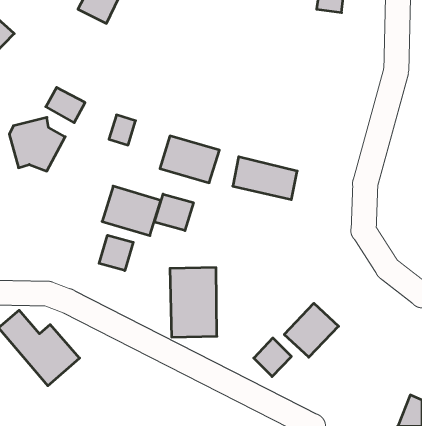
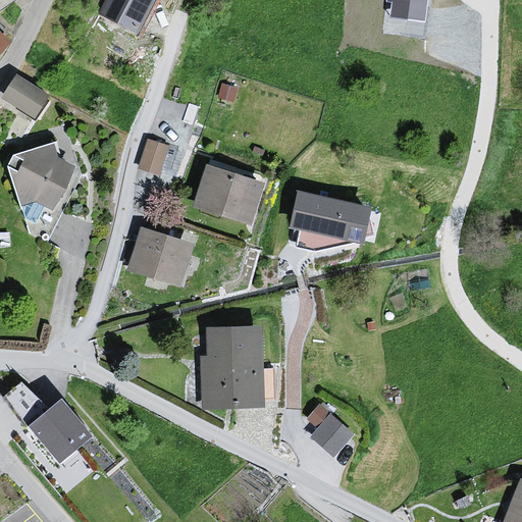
building: [46,87,85,123] -> [7,74,55,117]
building: [155,194,193,231] -> none
building: [99,235,133,271] -> none
building: [284,303,339,357] -> none

